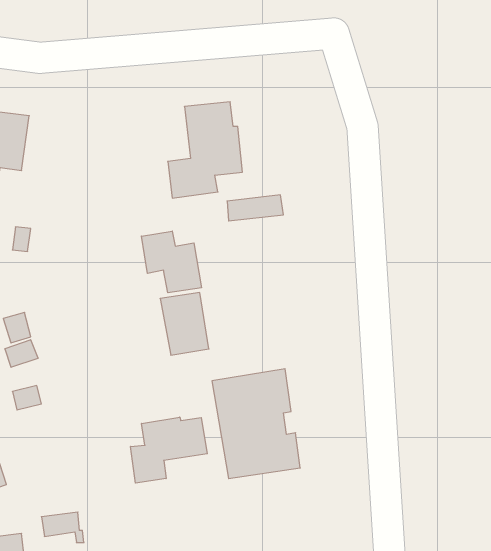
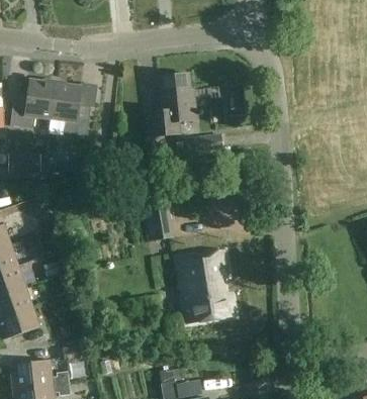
building: none -> [50,82,91,134]
building: [141,231,201,293] -> none
building: [131,417,207,483] -> none

